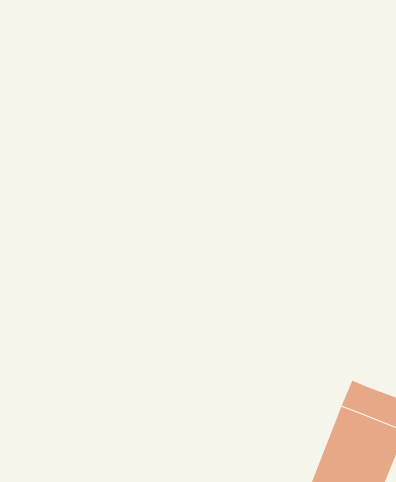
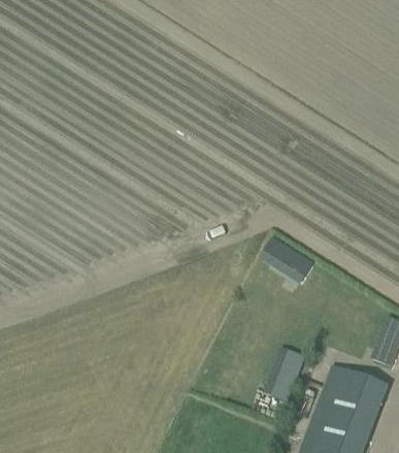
building: none -> [259,237,313,284]
building: none -> [265,350,302,402]

